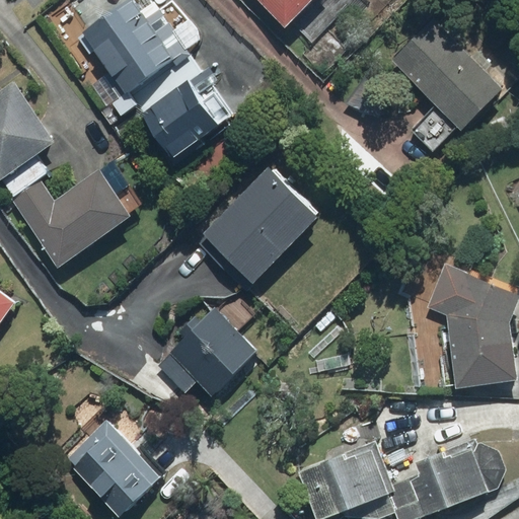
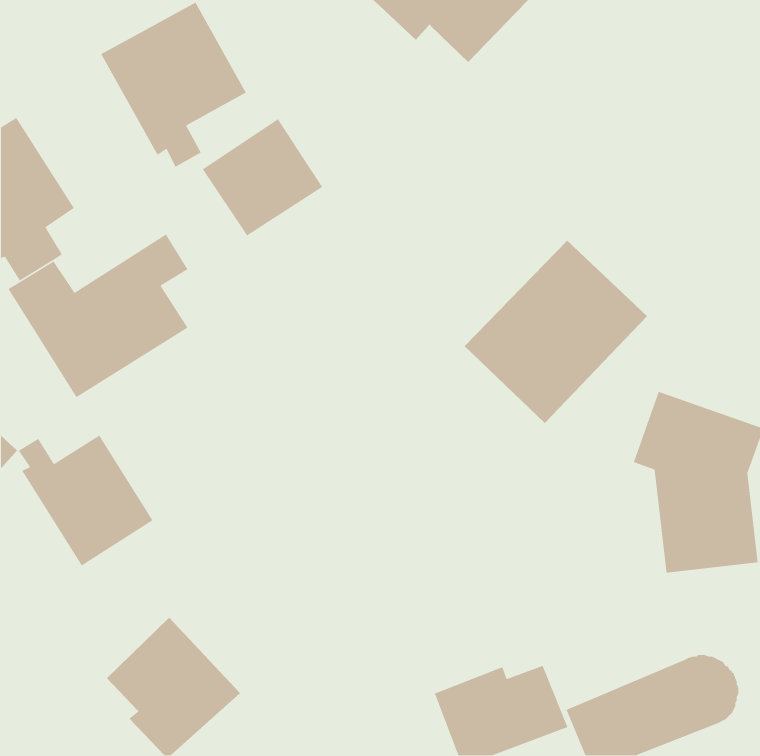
building: [391,17,503,150] -> none
building: [197,163,321,288] -> [464,240,648,424]
building: none -> [18,434,153,567]
building: [158,303,260,394] -> none

